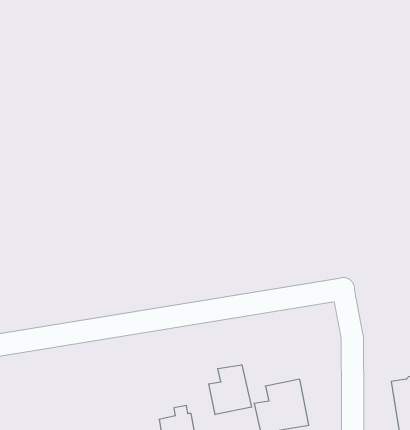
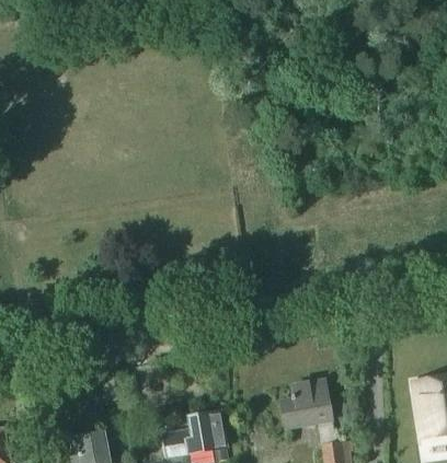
building: [209,365,251,415] -> none

